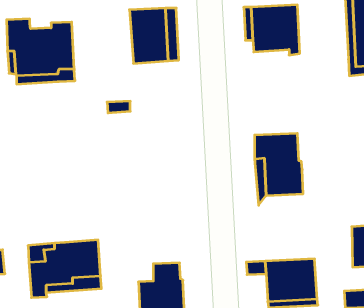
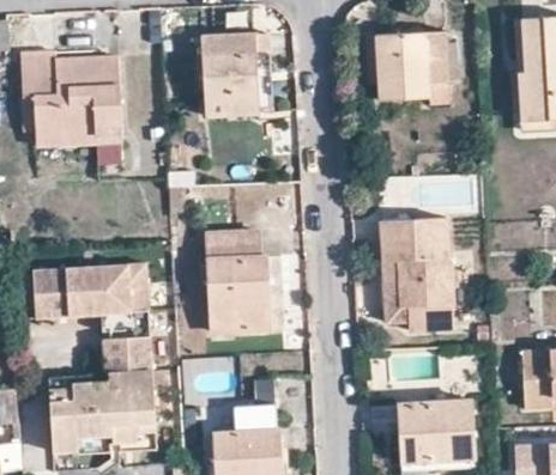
building: none -> [206,232,270,331]
building: none -> [32,267,155,376]

